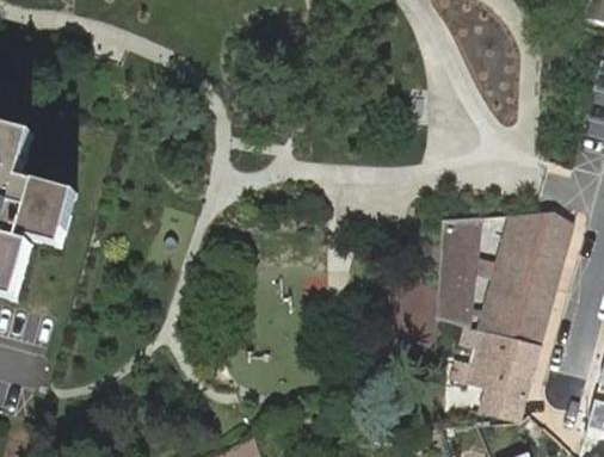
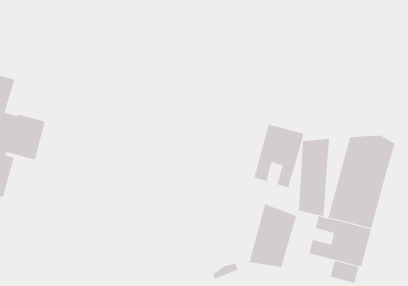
building: none -> [254,124,304,188]
building: none -> [249,203,297,268]

